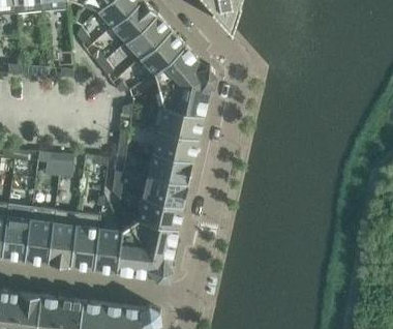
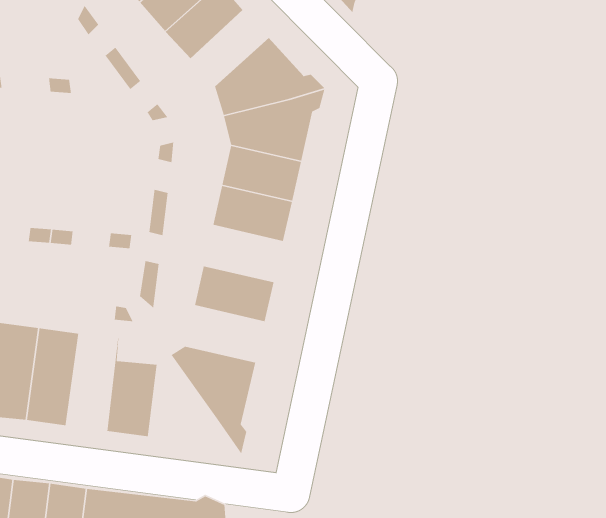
building: [140,30,184,73] -> none
building: [147,152,192,184] -> none
building: [137,198,182,230] -> none
building: [69,213,98,269] -> none
building: [116,226,169,282] -> none

